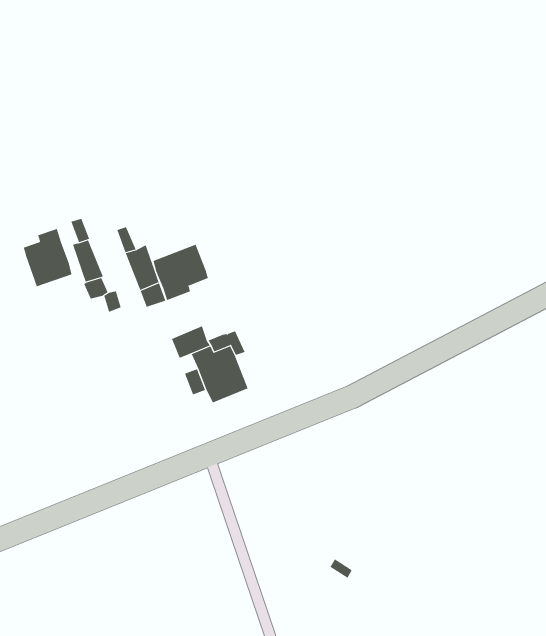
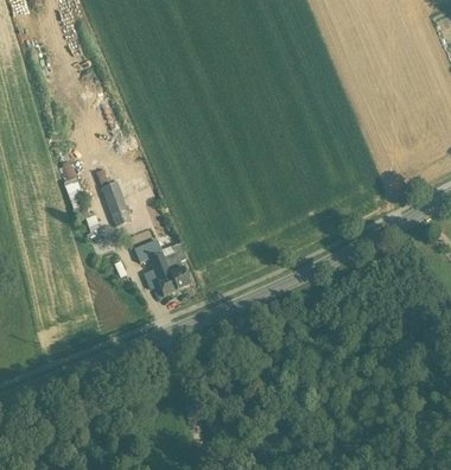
building: [23,228,72,287] -> none
building: [153,244,208,301] -> none

